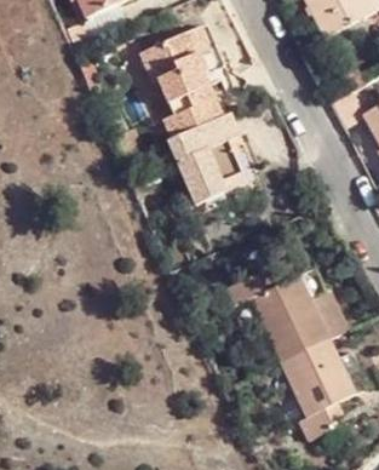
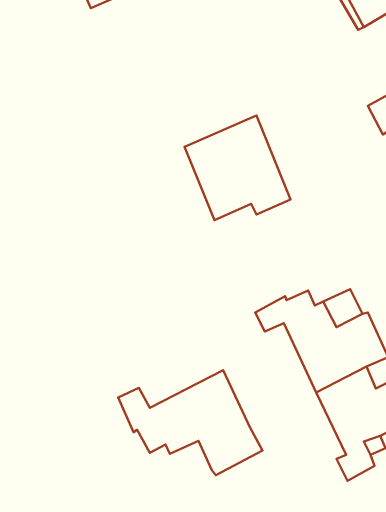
building: [139,24,225,138] -> none
building: none -> [118,370,263,475]

